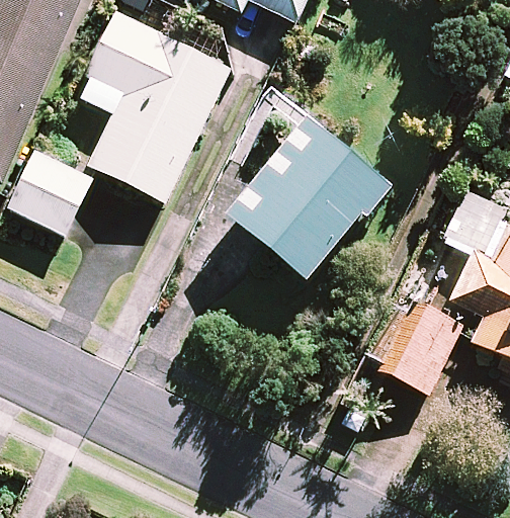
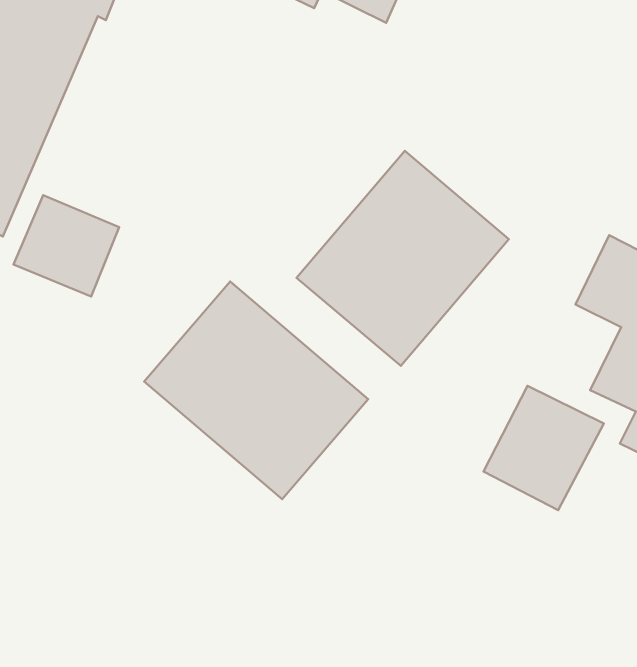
building: [86,11,230,199] -> none
building: none -> [144,281,368,499]

